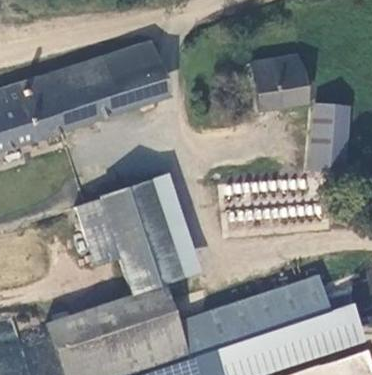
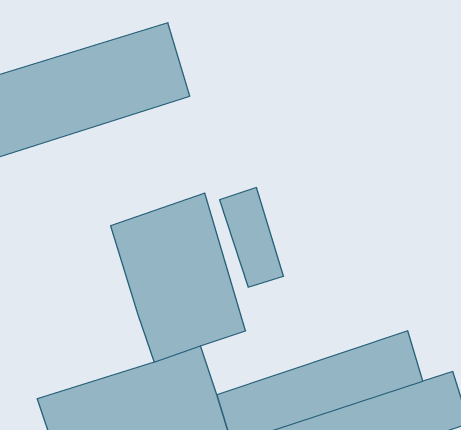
building: [251,54,305,108] -> none
building: [311,107,349,170] -> none
building: [75,196,122,269] -> [220,188,284,287]

